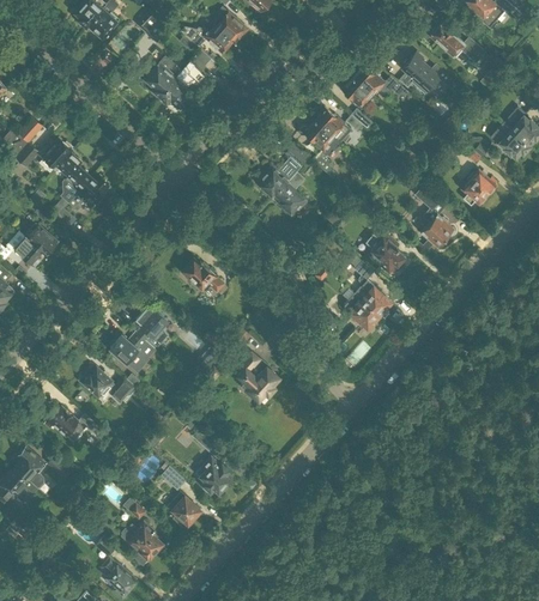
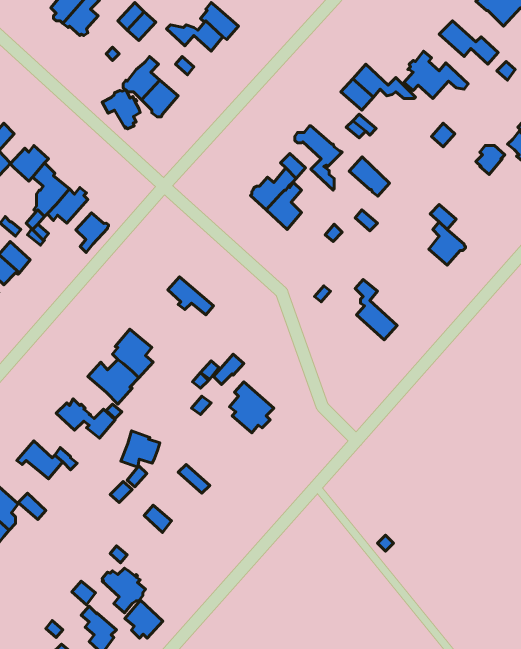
building: none -> [102,90,140,129]
building: [313,107,350,142] -> [349,157,390,196]
building: [461,170,496,204] -> none
building: none -> [76,213,109,252]
building: [367,230,405,269] -> none
building: [344,292,380,329] -> none
building: none -> [121,431,160,467]
building: [195,456,235,493] -> none
building: [166,491,201,526] -> [125,600,163,638]

